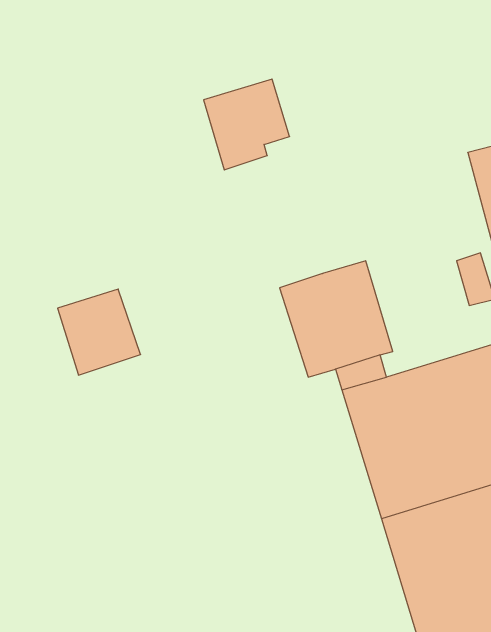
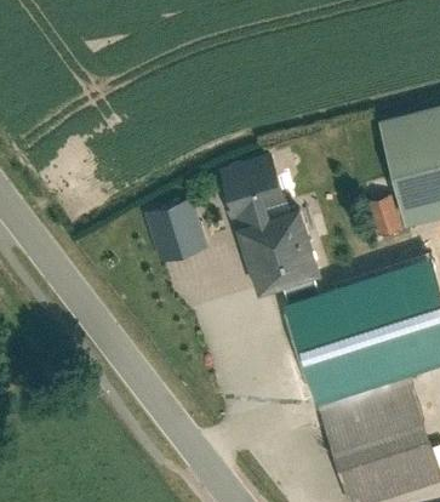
building: [204,79,290,170] -> [221,156,286,226]
building: [58,289,141,375] -> [144,198,207,263]

